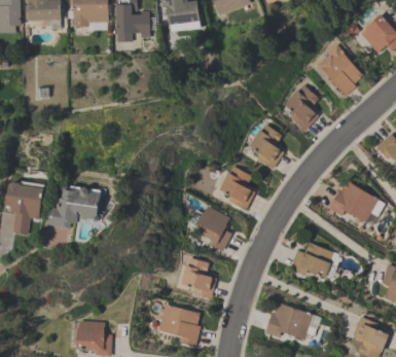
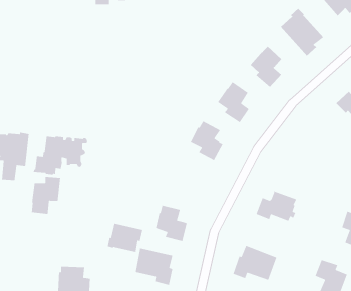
building: [328,180,385,221] -> none
building: [193,206,231,251] -> none
building: none -> [31,176,61,215]
building: none -> [106,223,143,253]

